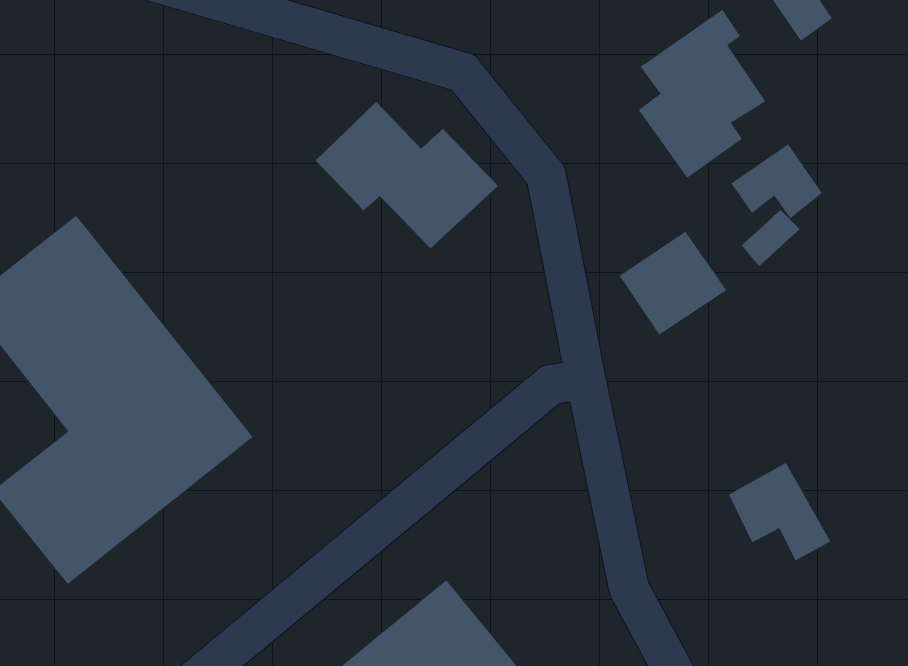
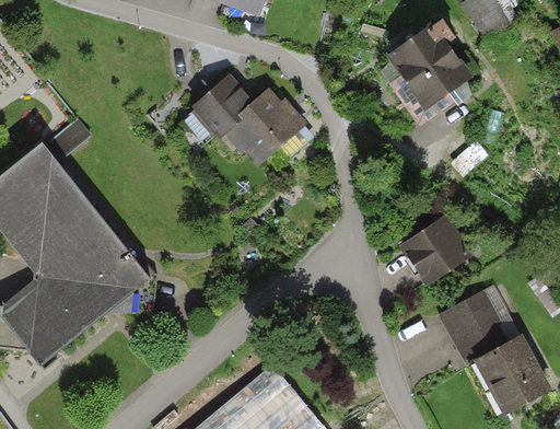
building: [731,143,823,219] -> none
building: [619,231,727,335] -> [400,216,466,279]
building: none -> [468,336,544,407]

